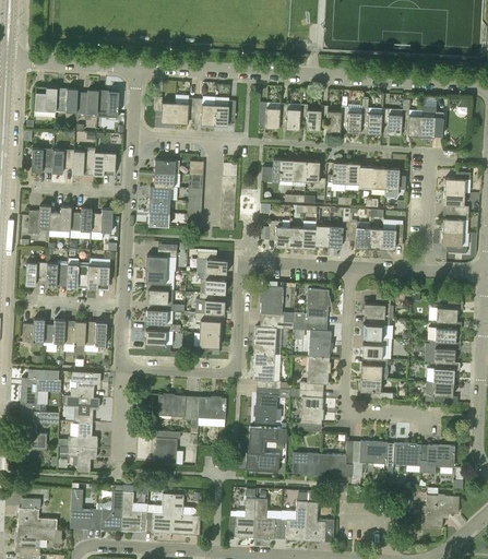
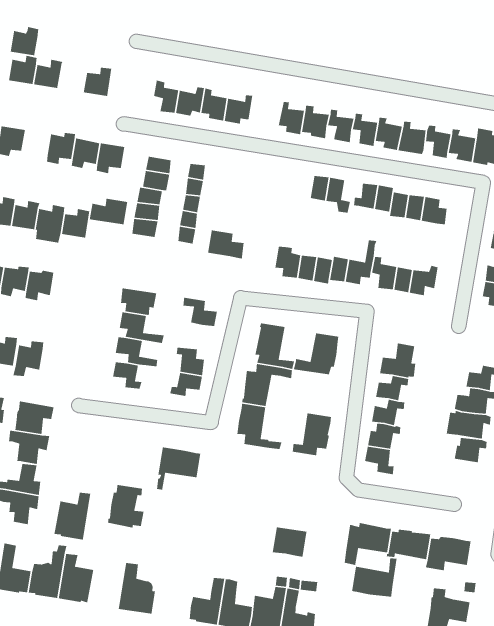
building: [75,90,97,114] -> [10,26,39,56]
building: [51,148,73,174] -> [96,142,125,174]
building: [261,159,293,182] -> none
building: [145,250,176,271] -> [89,198,128,225]
building: [197,252,226,274] -> [207,230,244,260]
building: [86,265,109,289] -> none
building: [195,293,225,314] -> none
building: [84,322,106,353] -> none
building: [293,322,331,357] -> none
building: [426,381,457,404] -> none
building: [254,388,279,421] -> none
building: [299,390,322,425] -> none
building: [156,394,192,420] -> none
building: [246,427,279,473] -> none
building: [318,443,353,476] -> [351,557,398,598]
building: [145,495,172,534] -> [53,492,91,540]

